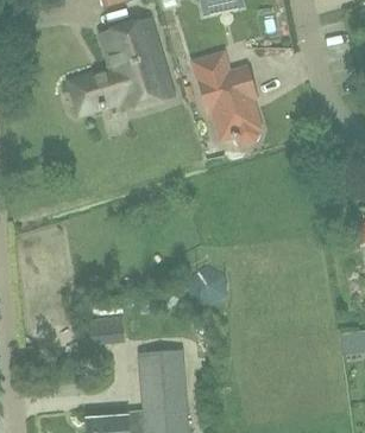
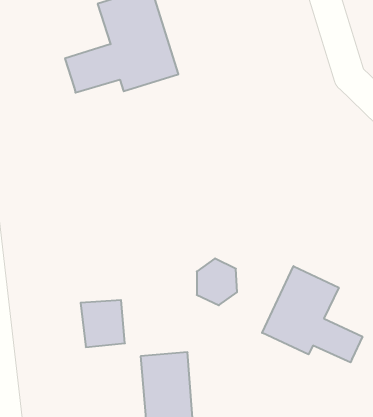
building: [193,52,259,141] -> none
building: none -> [262,266,362,362]

